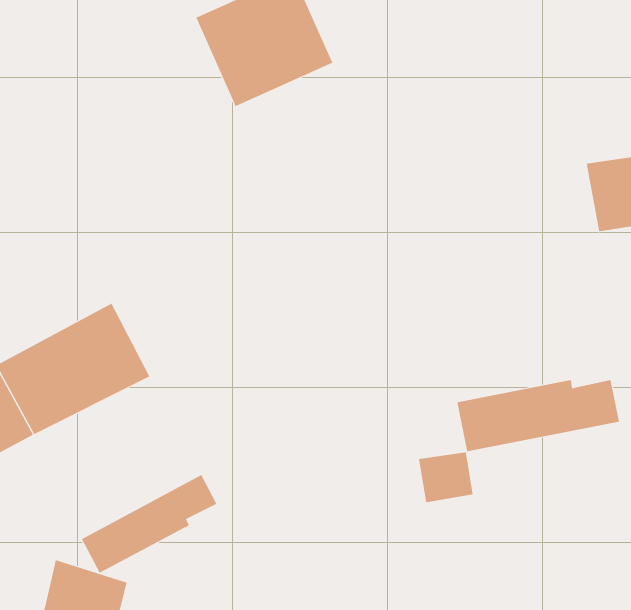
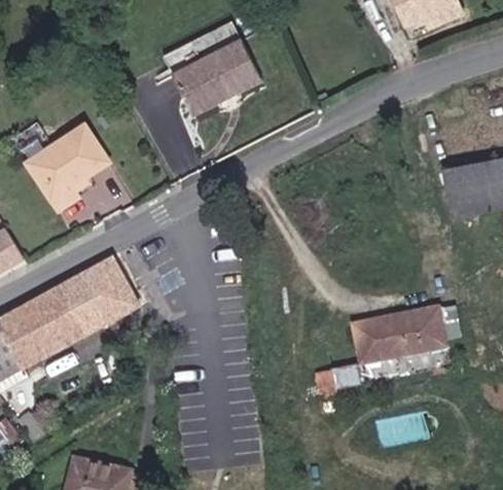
building: none -> [28,128,109,211]
building: [81,474,217,574] -> none

